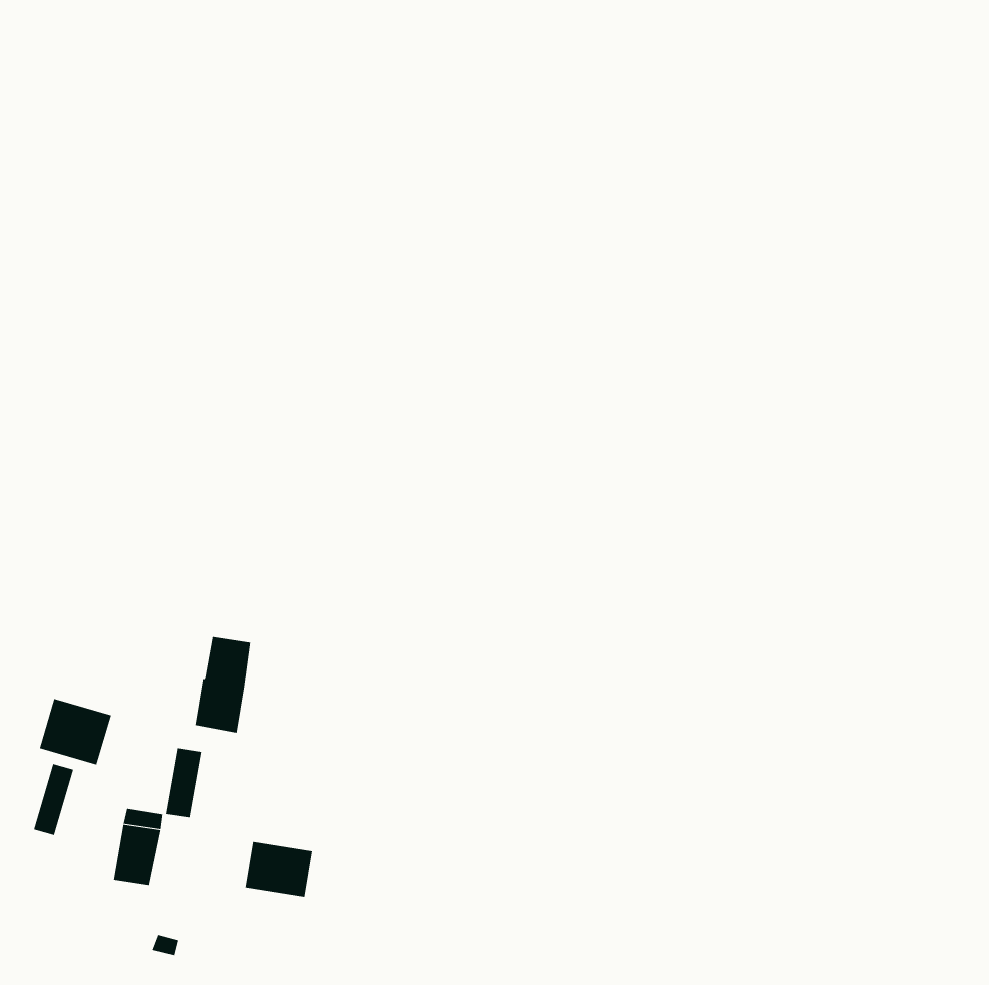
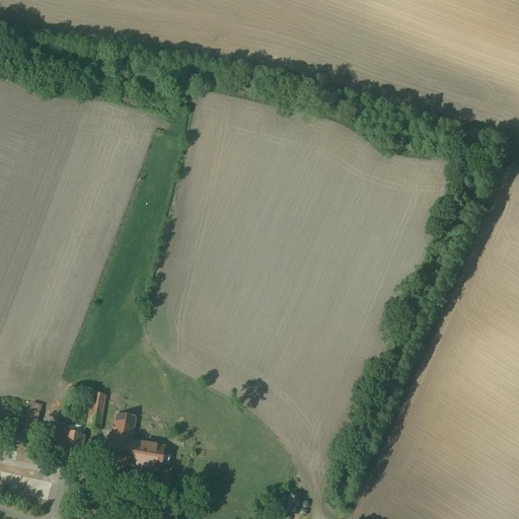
building: [195,636,251,733] -> [107,413,137,463]
building: [39,698,111,765] -> none

